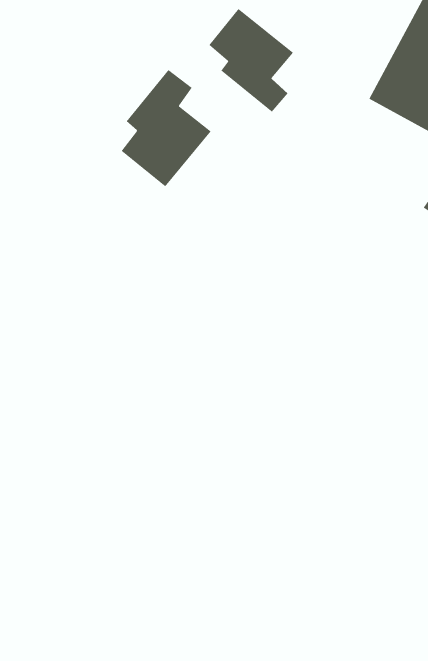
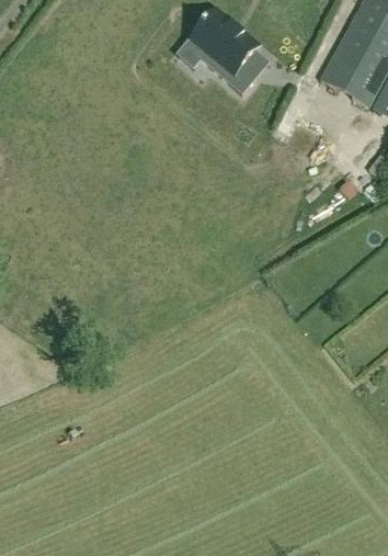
building: [121,69,211,187] -> none

